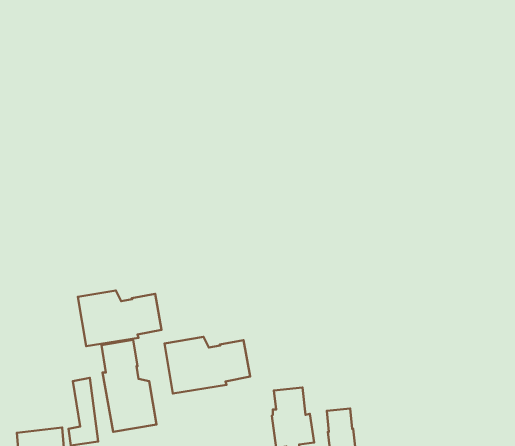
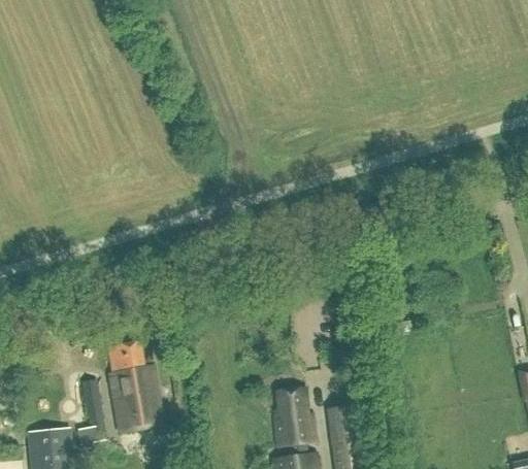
building: [78,290,161,346] -> none
building: [164,337,250,393] -> none

